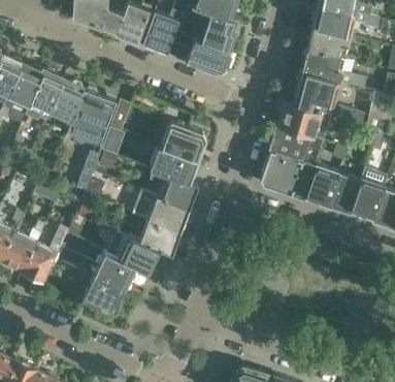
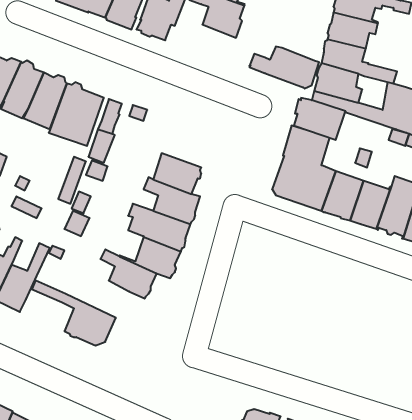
building: [171,37,231,73] -> [249,47,319,89]
building: [161,122,205,161] -> none
building: [60,249,136,290] -> none

